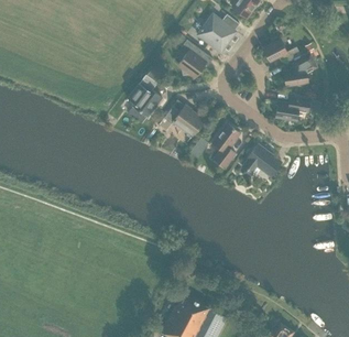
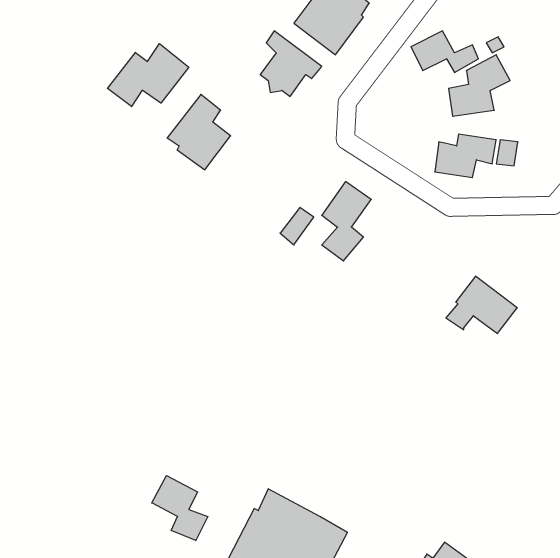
building: none -> [108,44,189,107]
building: [163,104,204,141] -> none
building: [241,143,281,175] -> [446,276,517,334]
building: none -> [152,476,208,541]

